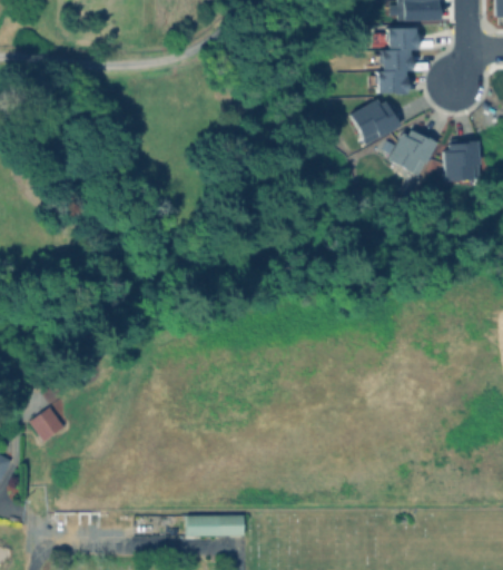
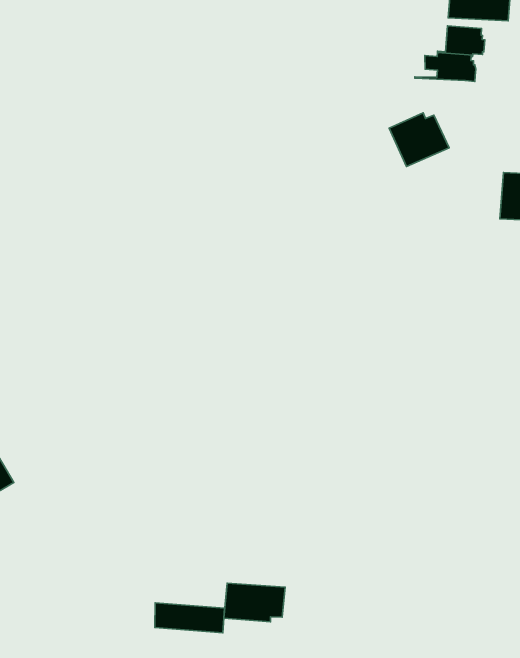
building: [367,70,412,92] -> none
building: [387,127,437,176] -> none
building: none -> [224,583,285,622]

